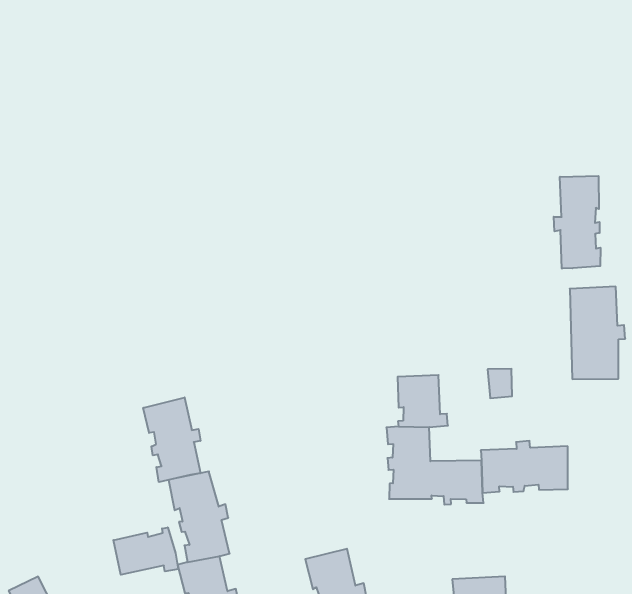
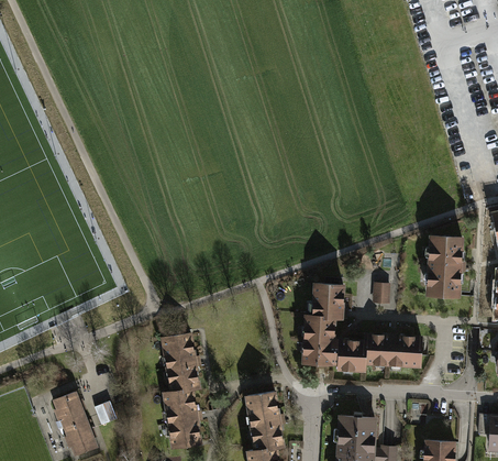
building: [554,176,600,269] -> none
building: [143,397,201,482] -> none
building: [113,527,178,575] -> none

